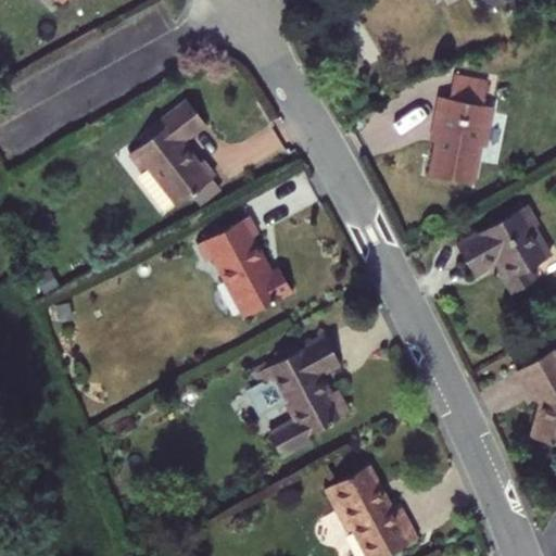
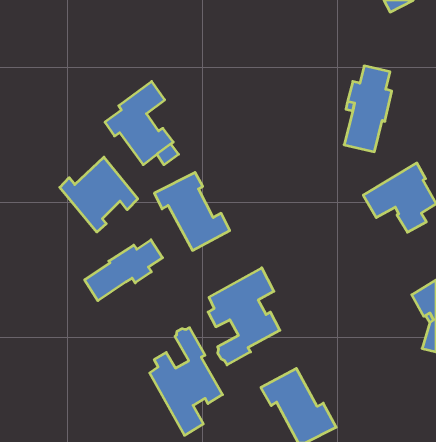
building: none -> [60,157,138,232]
building: none -> [85,240,163,301]
building: none -> [150,328,223,435]

